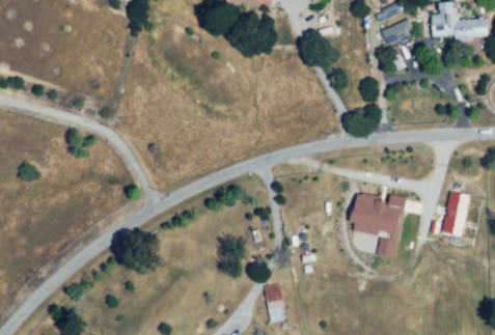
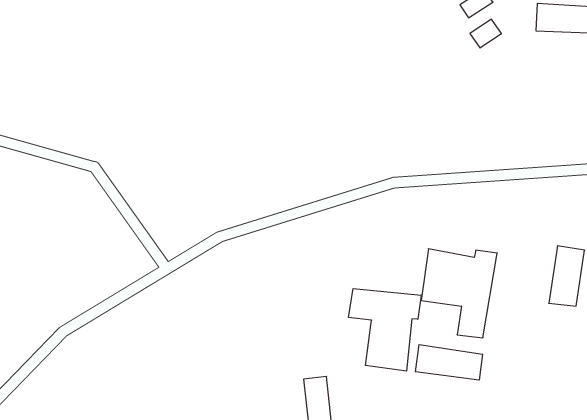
building: none -> [349,289,421,371]
building: none -> [415,345,483,380]

